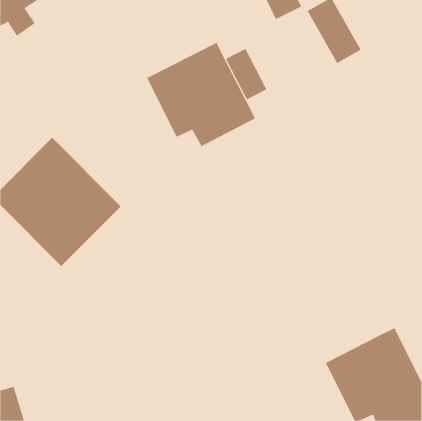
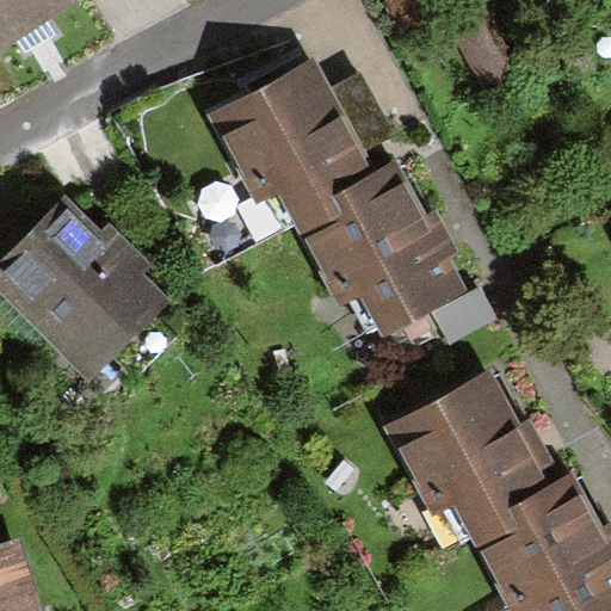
building: none -> [290,160,455,325]
building: none -> [390,372,548,523]

